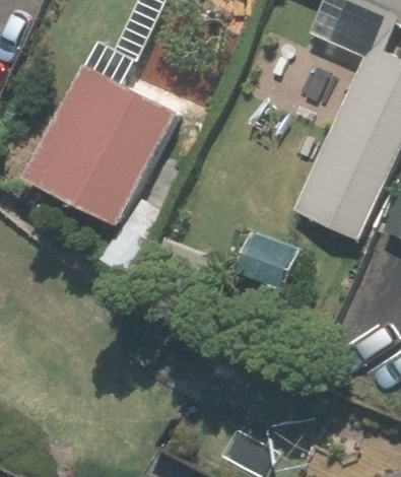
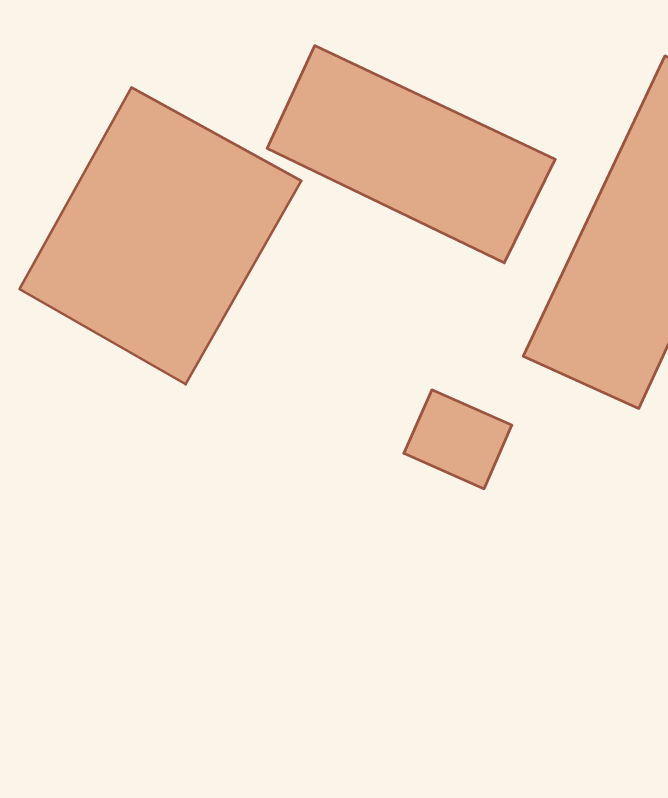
building: none -> [267,46,555,263]

